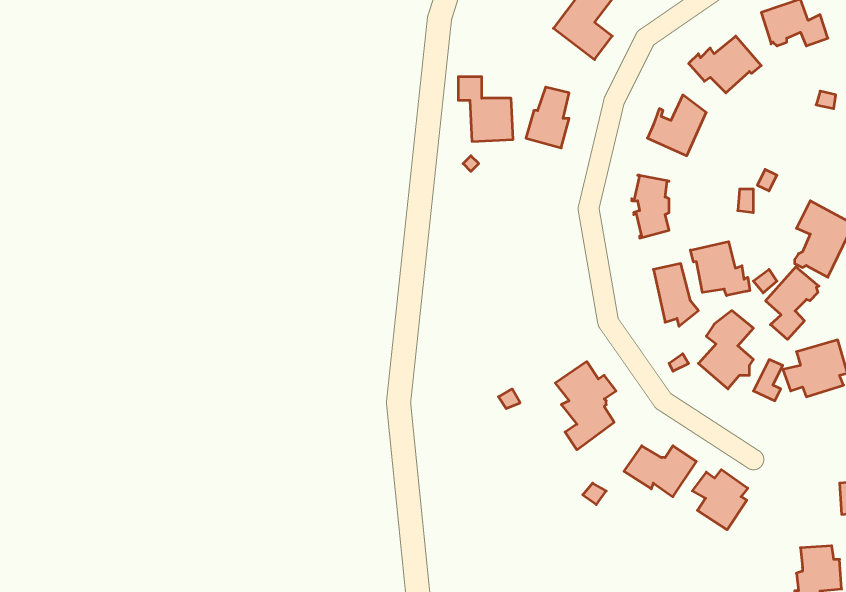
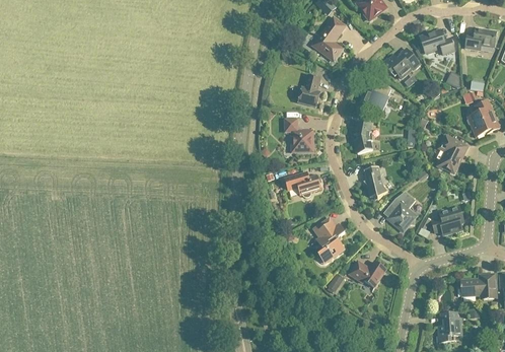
building: [458,77,513,141] -> [285,118,313,151]
building: [690,242,750,296] -> none
building: [766,267,819,339] -> none
building: none -> [285,170,321,196]
building: [692,470,748,530] -> none

